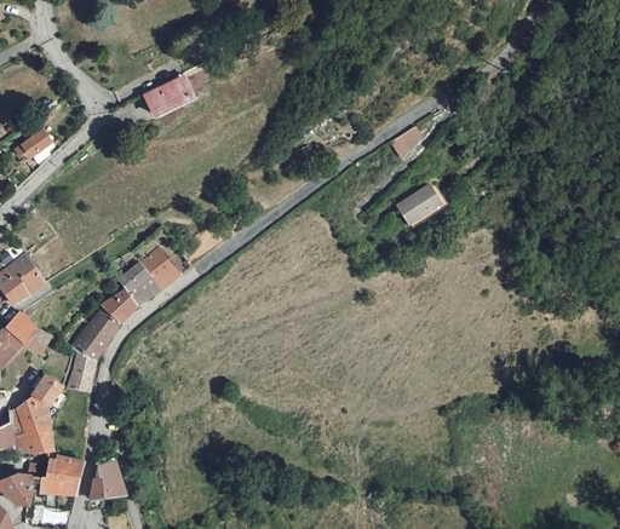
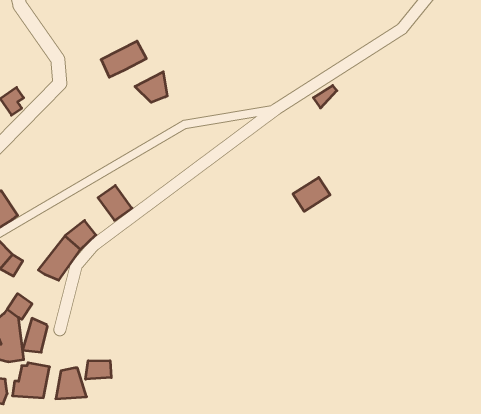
building: none -> [135,72,167,102]
building: [401,183,444,223] -> [293,177,330,211]
building: [116,261,159,305] -> none
building: [65,351,94,391] -> [23,318,47,352]
building: none -> [86,361,111,379]

